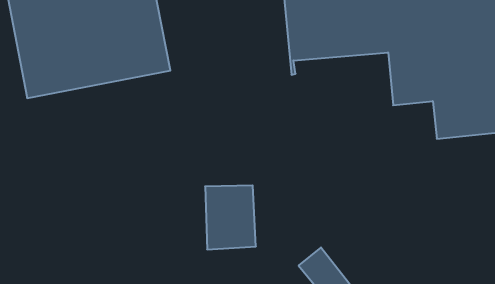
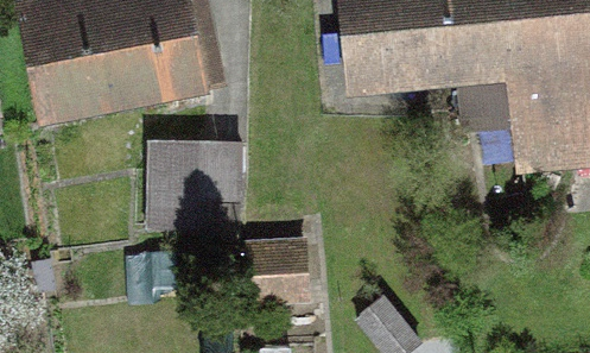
building: none -> [146,140,240,225]

